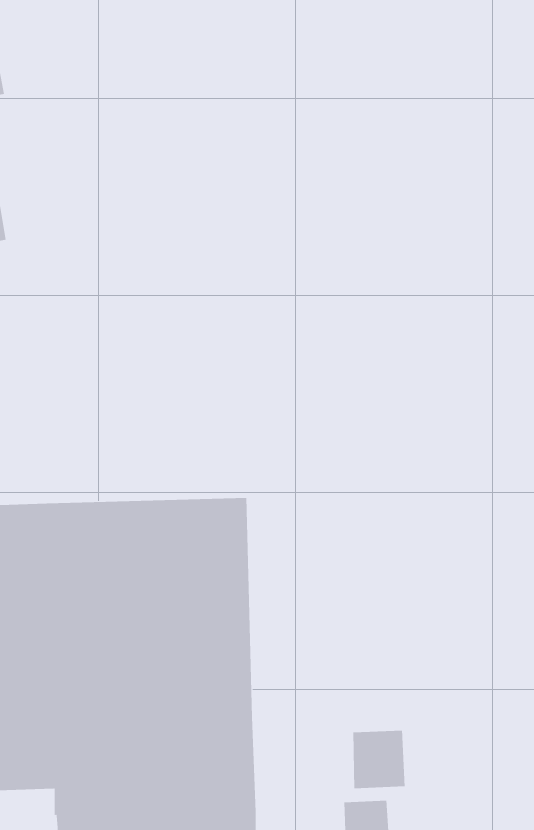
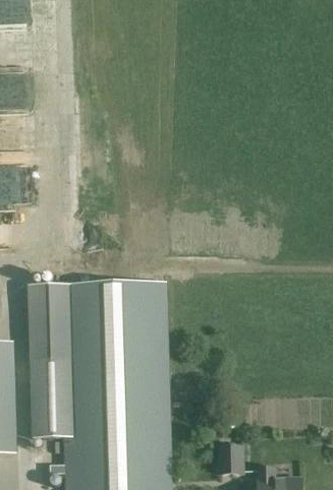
building: [353,730,405,789] -> none

